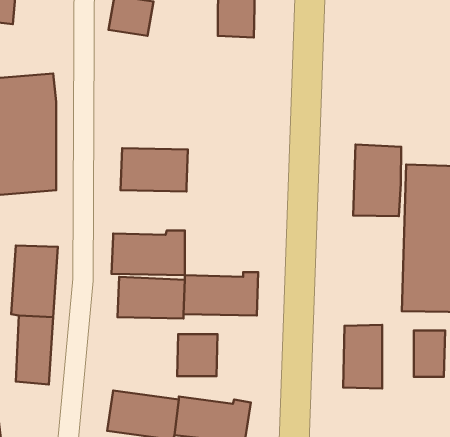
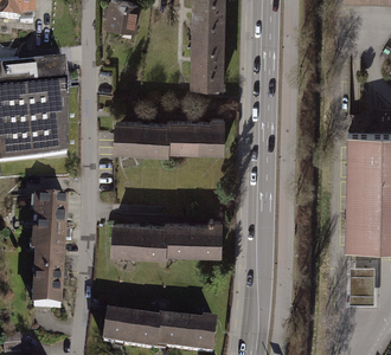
building: none -> [193,33,223,85]
building: [353,145,401,216] -> none
building: [112,230,185,275] -> [169,118,227,154]
building: [343,325,382,388] -> none
building: [177,334,217,376] -> none

